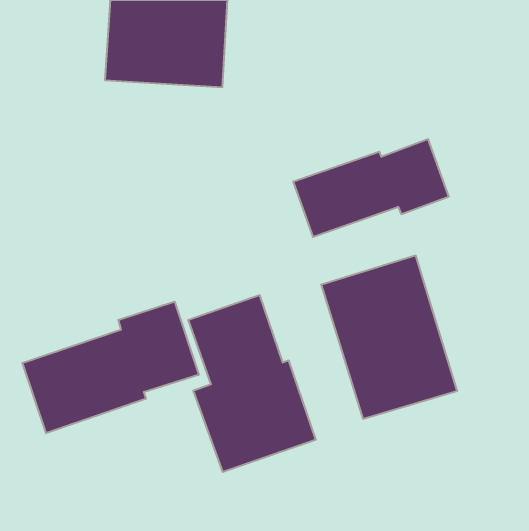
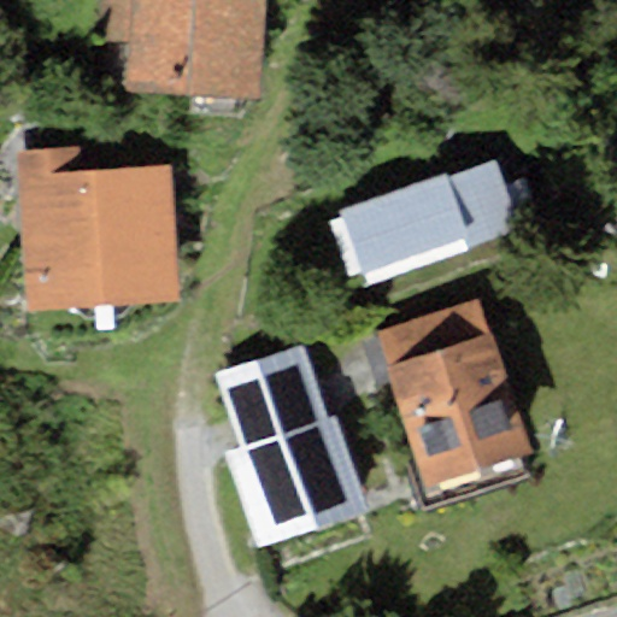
building: none -> [19,147,180,311]
building: [22,302,199,433] -> none

